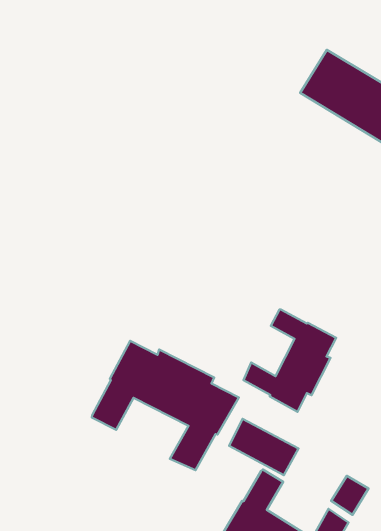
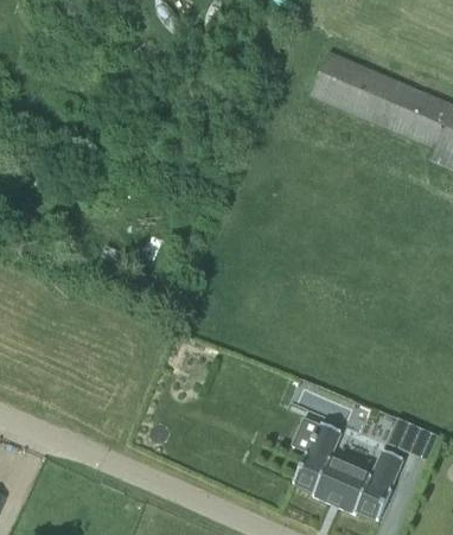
building: [243,309,336,412] -> none
building: [92,341,239,470] -> none

